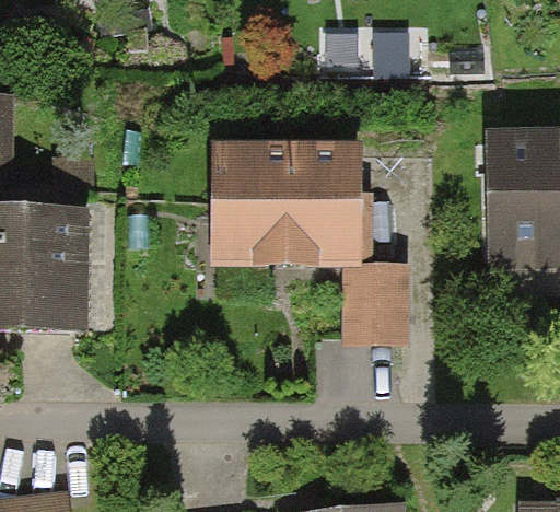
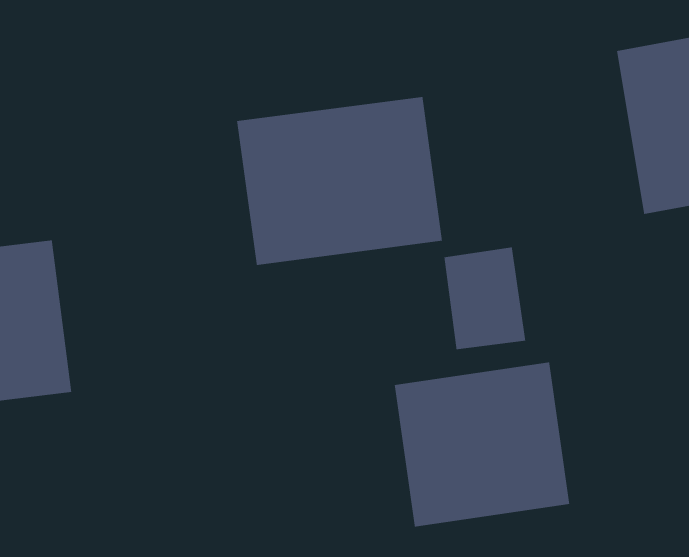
building: none -> [394,362,570,528]

